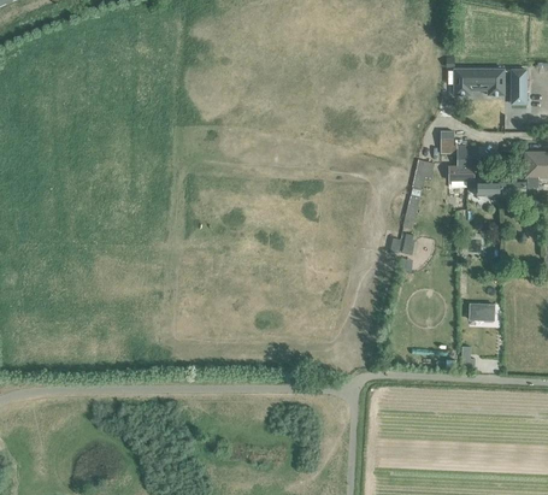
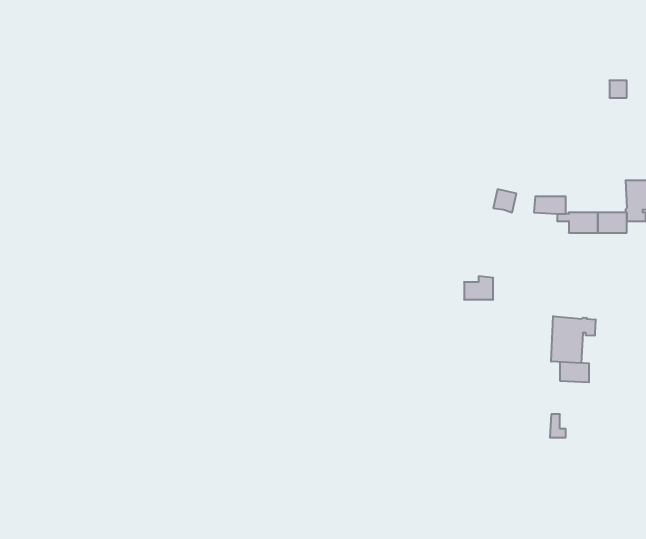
building: [455,70,503,94] -> none
building: [440,131,477,166] -> none
building: none -> [551,316,596,363]

